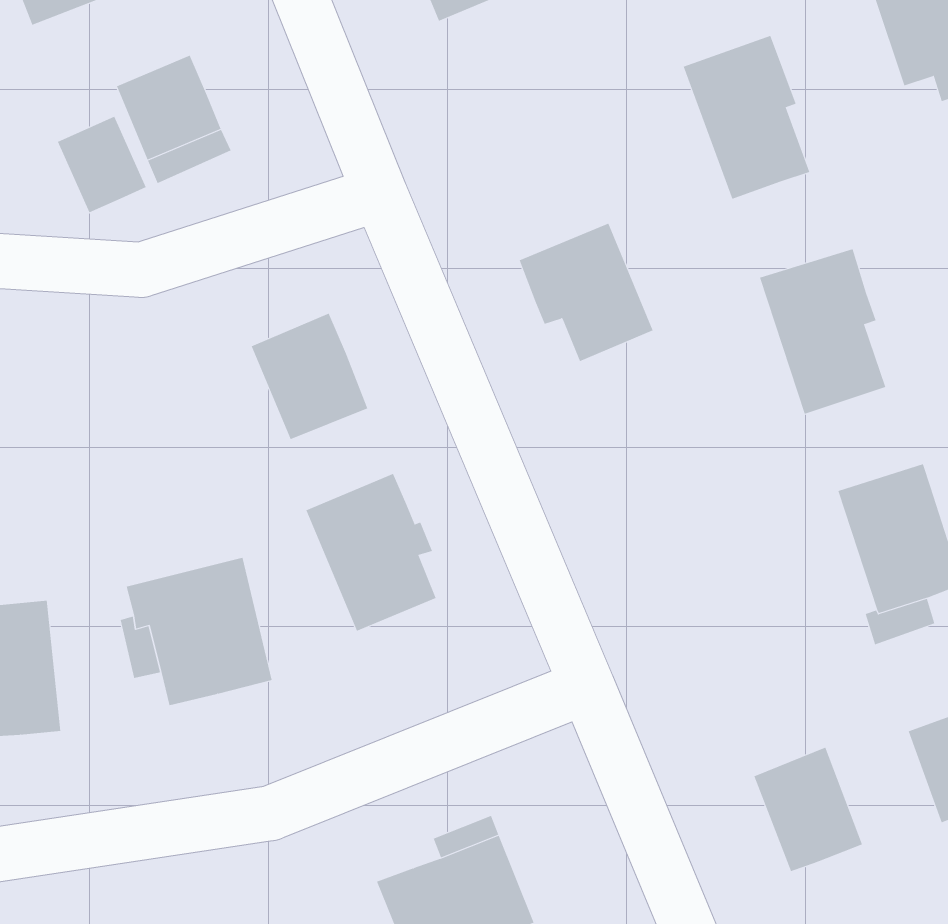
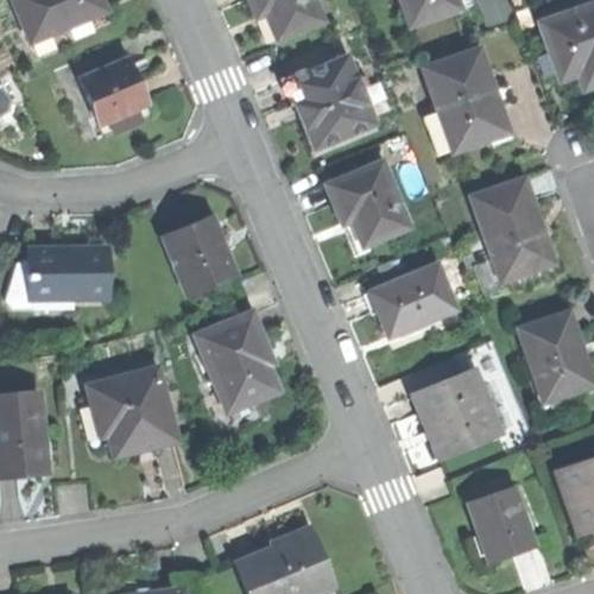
building: none -> [282,50,375,147]
building: [57,116,146,213] -> none
building: none -> [30,251,105,298]
building: none -> [369,266,454,337]
building: none -> [415,369,500,456]

